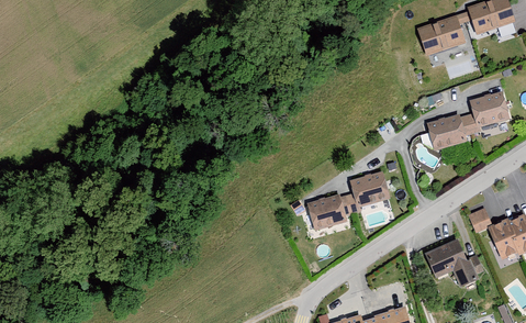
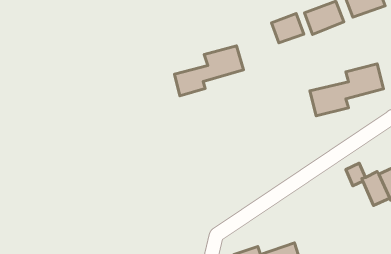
building: none -> [271,14,304,43]
building: [310,166,394,227] -> [175,46,244,96]
building: [423,242,478,291] -> none

